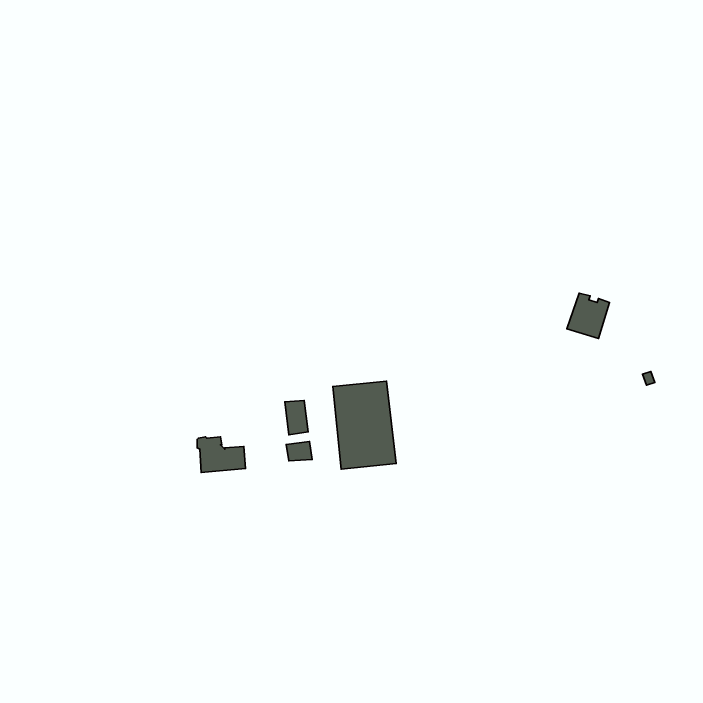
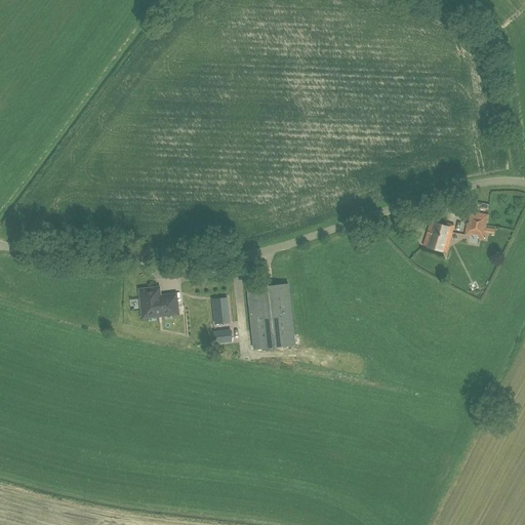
building: none -> [465,212,487,238]
building: [197,437,245,472] -> [140,289,176,316]

